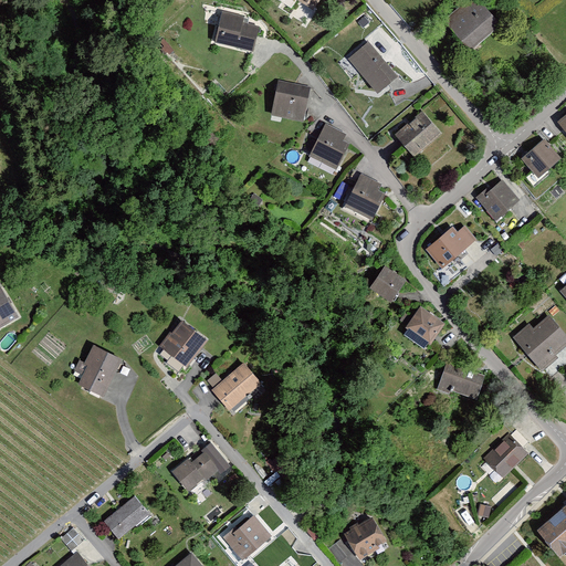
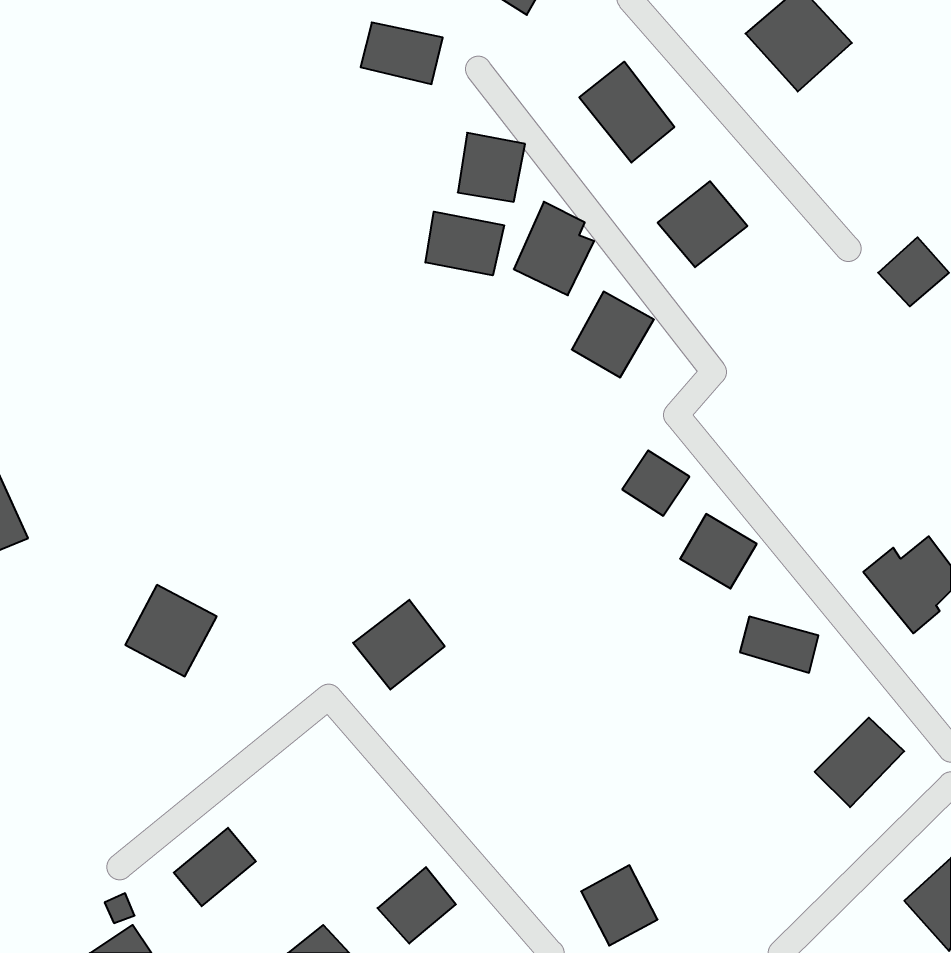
building: none -> [425,212,504,275]
building: [475,184,518,223] -> none
building: [426,230,468,271] -> none
building: [156,318,210,373] -> none
building: [169,443,227,492] -> none

